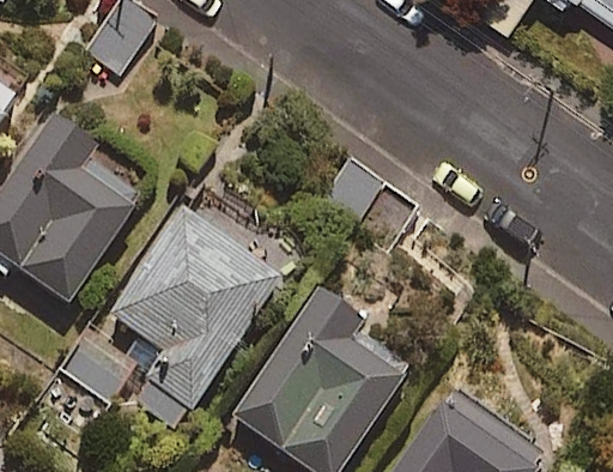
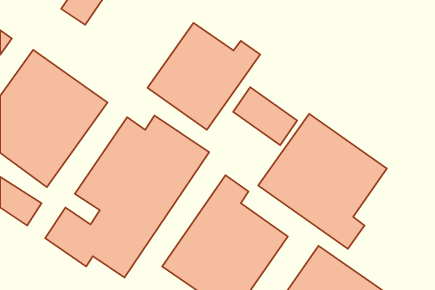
building: none -> [148,23,260,130]
building: none -> [258,114,387,249]

